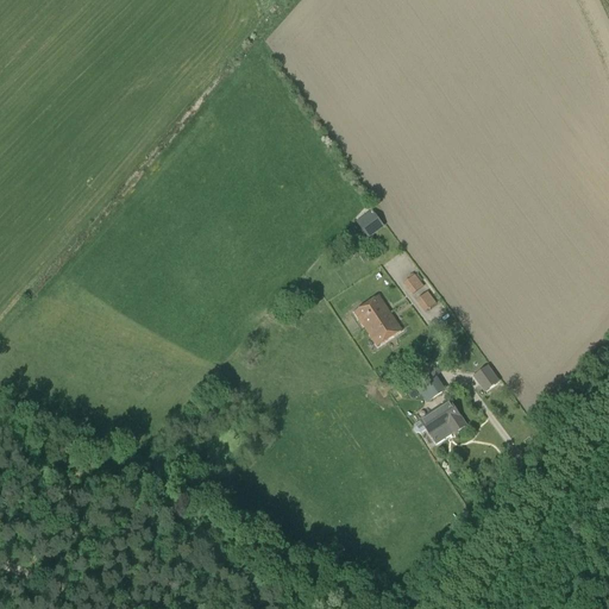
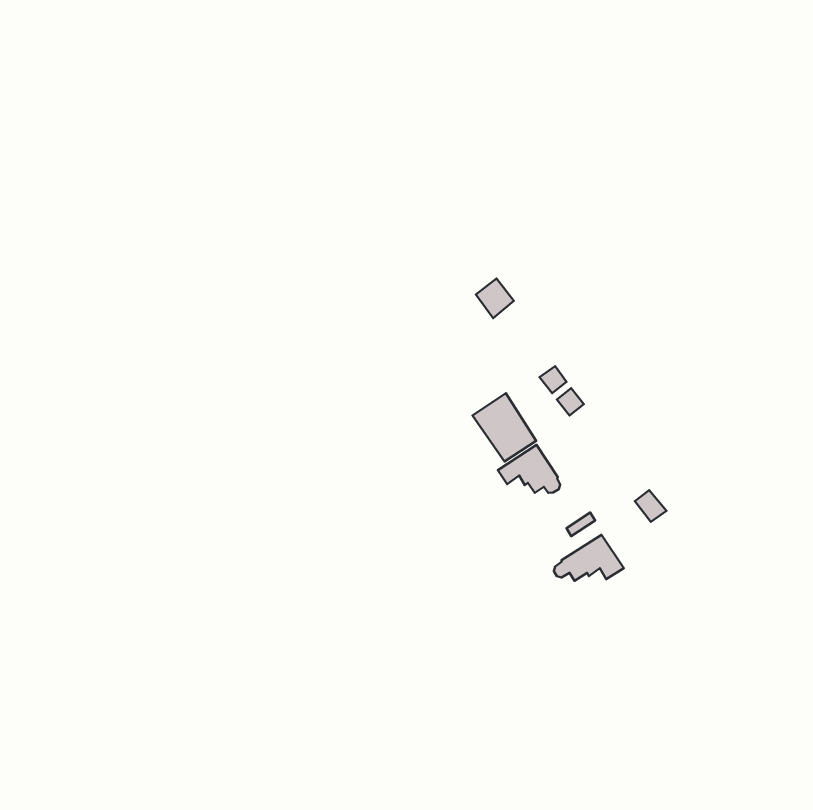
building: none -> [498,445,560,493]

